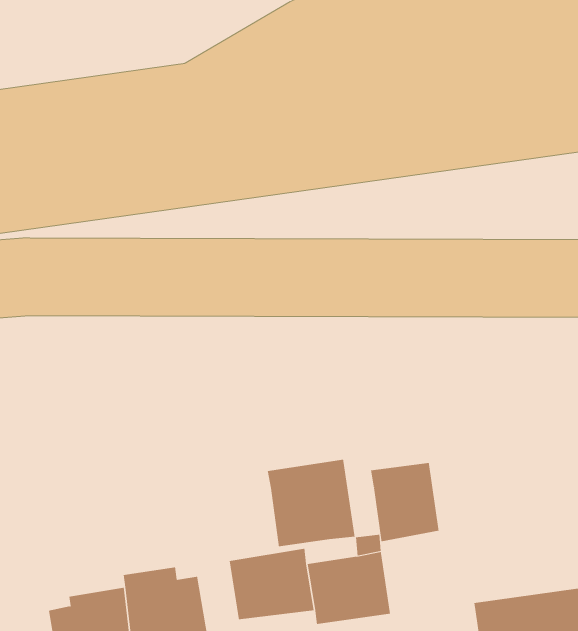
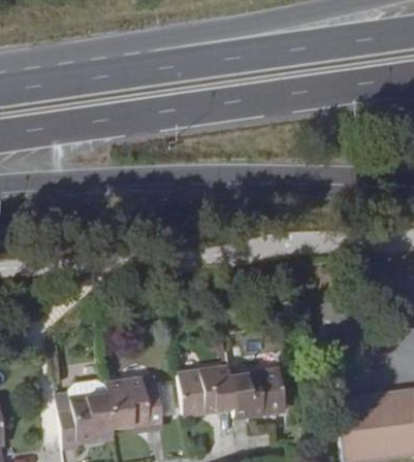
building: [267,459,355,547] -> none
building: [370,462,439,542] -> none

